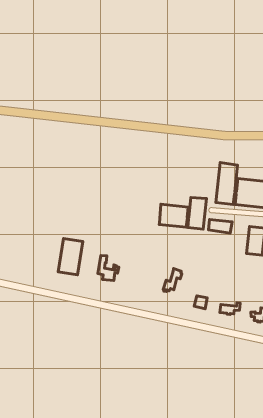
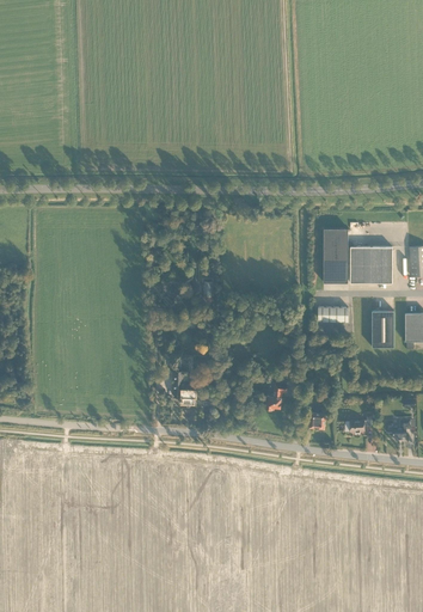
building: [159,197,206,229] -> none
building: [58,239,83,275] -> none

